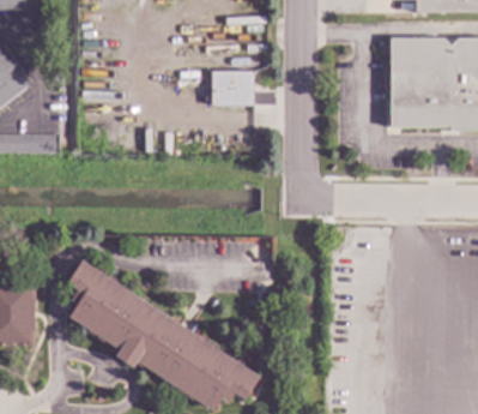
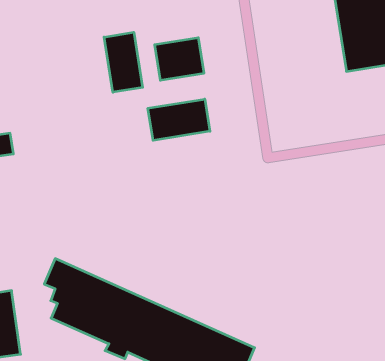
building: none -> [104,32,143,92]
building: none -> [148,99,210,140]

